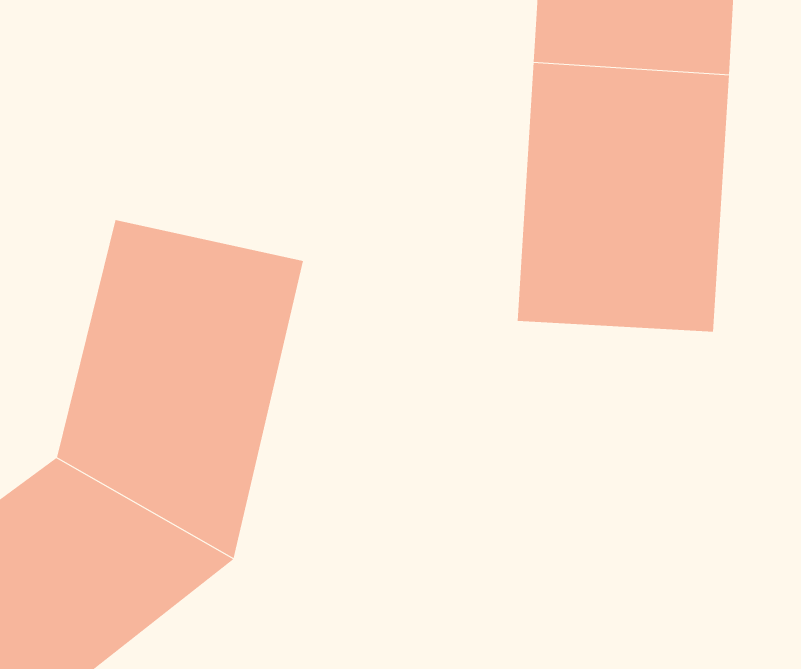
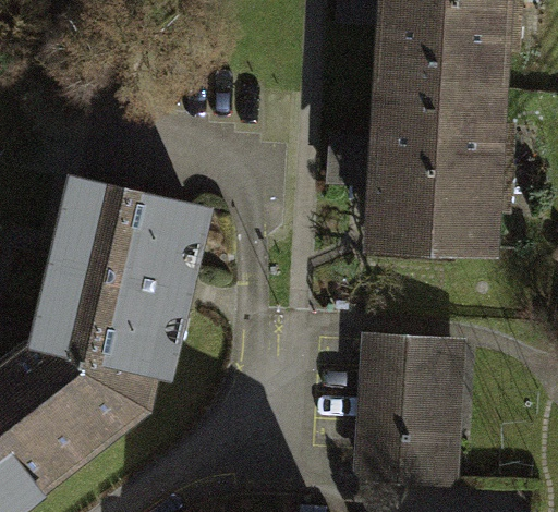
building: none -> [355,329,470,483]

